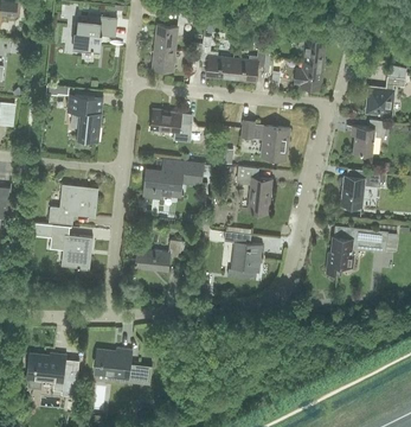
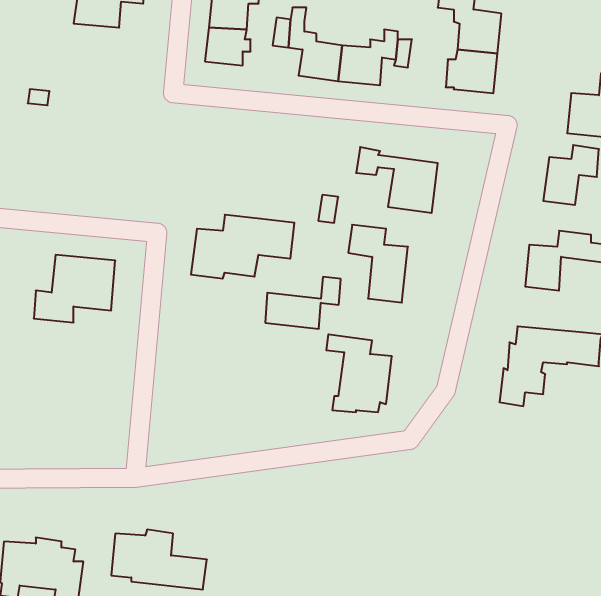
building: [70,95,103,141] -> none
building: [150,110,191,142] -> none
building: [34,223,92,268] -> none
building: [135,240,180,270] -> [265,277,341,329]

